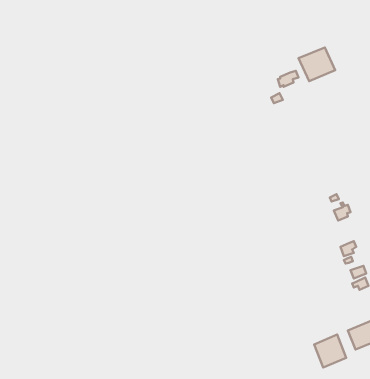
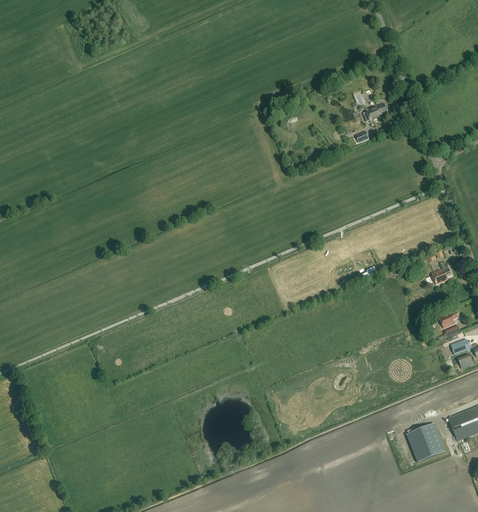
building: [299,47,335,81] -> none

